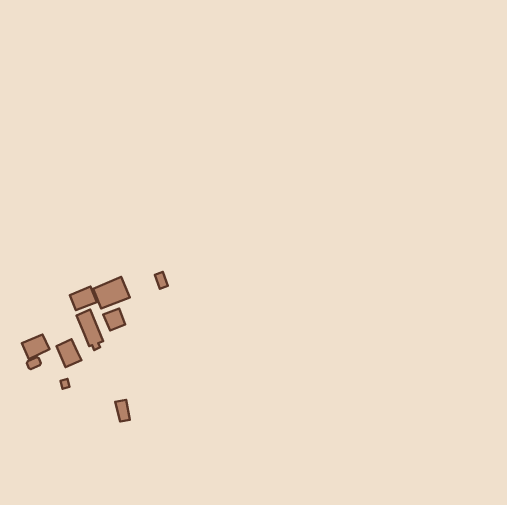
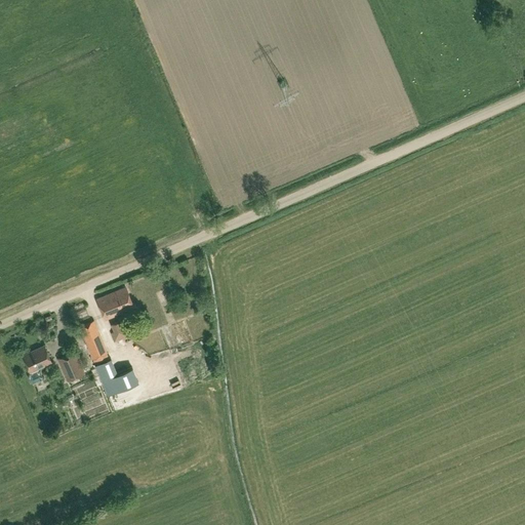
building: [70,287,97,310] -> none
building: none -> [95,362,136,397]

